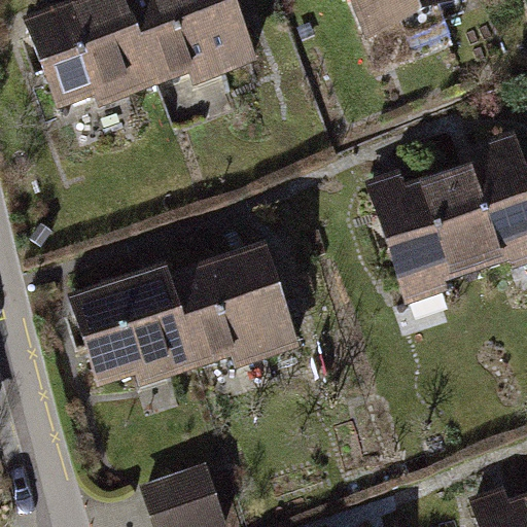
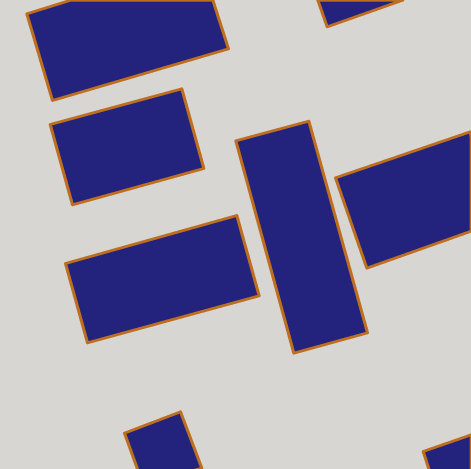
building: none -> [50,89,204,205]
building: none -> [236,121,368,353]

